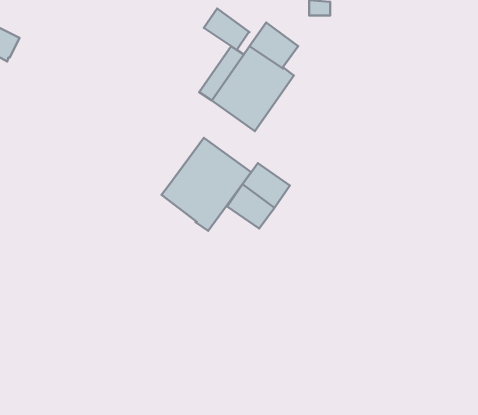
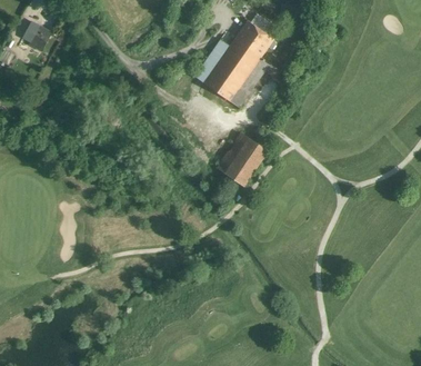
building: [204,8,250,50] -> none
building: [162,138,251,231] -> none

